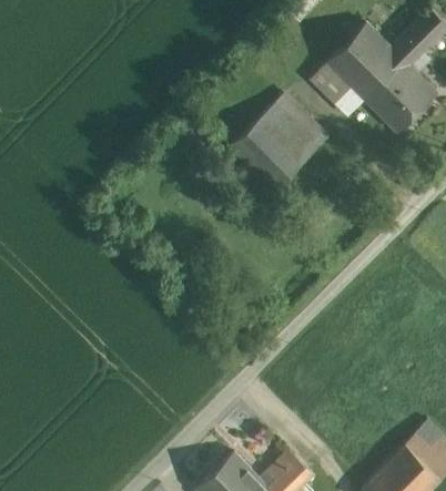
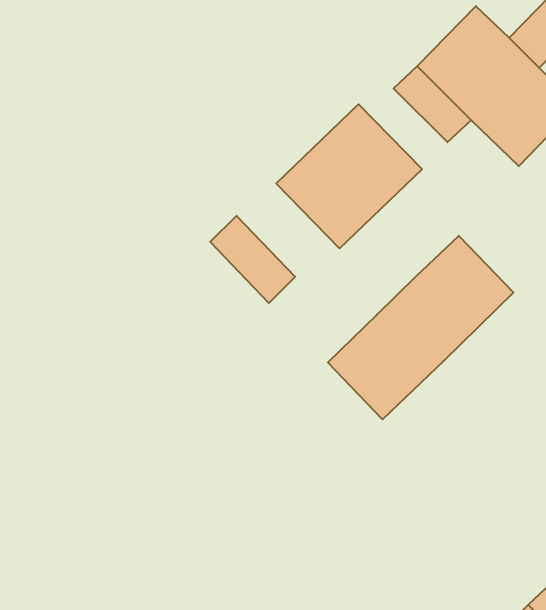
building: none -> [210,216,295,303]
building: none -> [328,236,513,419]

